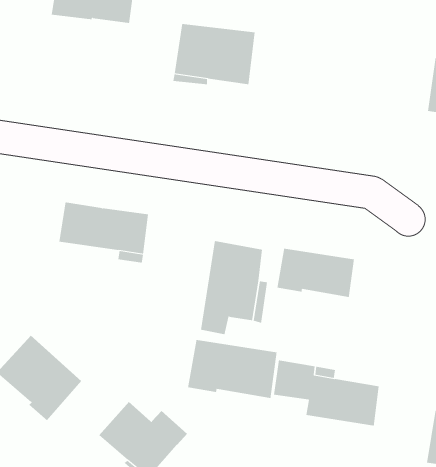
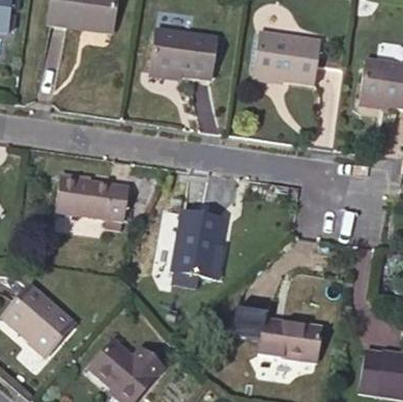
building: none -> [253,31,322,85]
building: [277,248,354,298] -> none
building: [188,339,277,399] -> none

